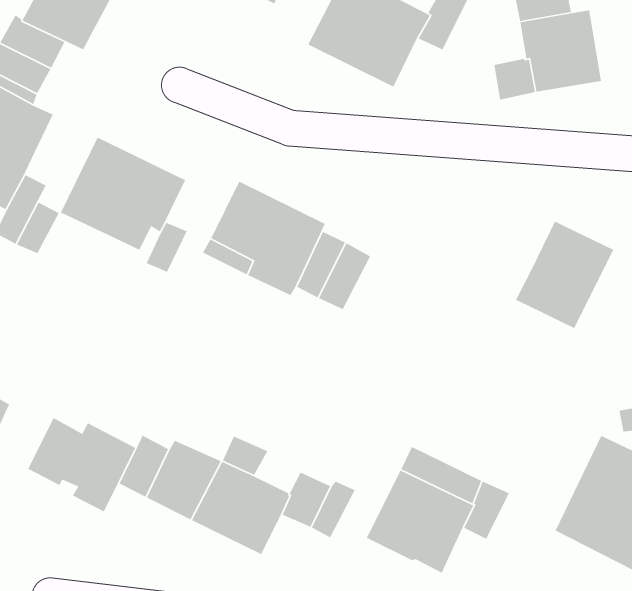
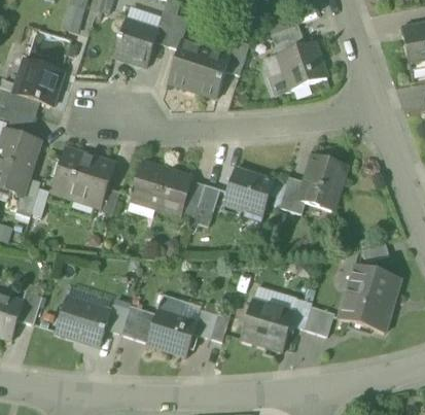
building: none -> [223,167,275,215]
building: none -> [279,175,306,212]
building: none -> [304,305,333,335]

